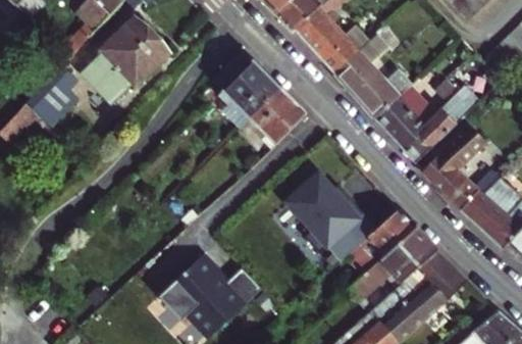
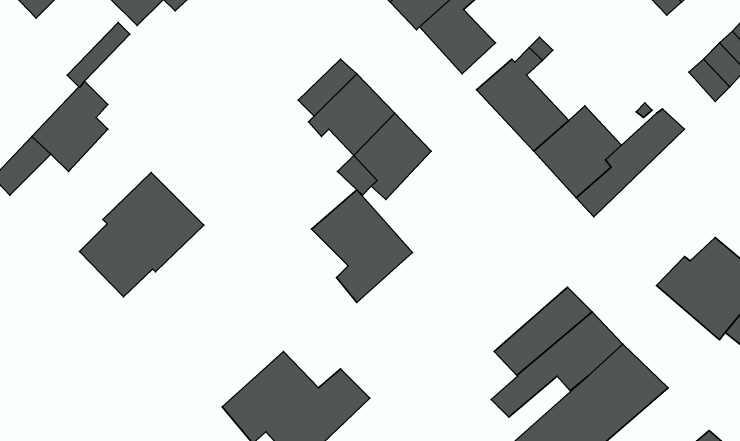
building: [325,16,379,72] -> none
building: [83,17,169,104] -> [79,173,204,297]
building: [422,125,509,209] -> none
building: [289,174,359,252] -> [312,190,413,302]

